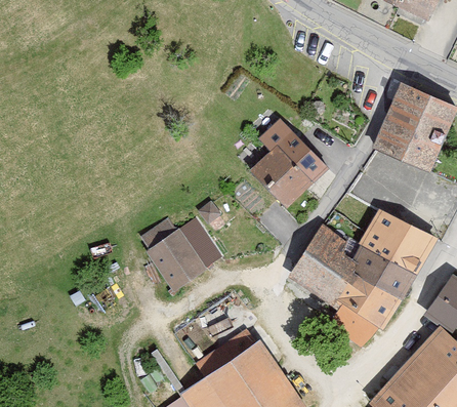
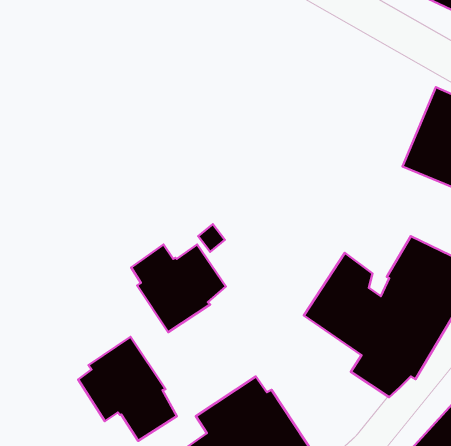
building: [250,118,329,209] -> none
building: none -> [78,337,177,441]

